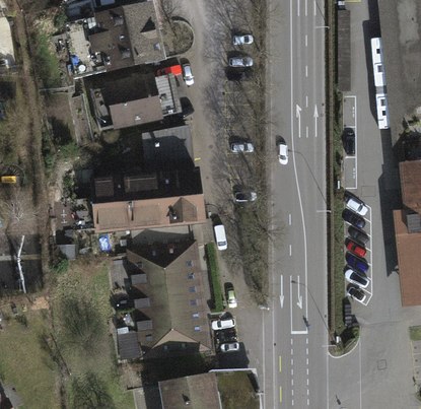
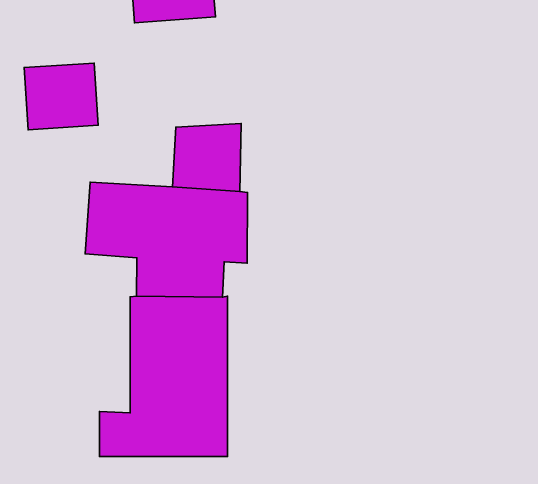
building: [107,76,160,126] -> [24,63,98,130]

